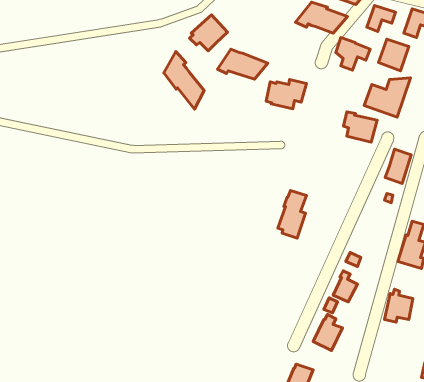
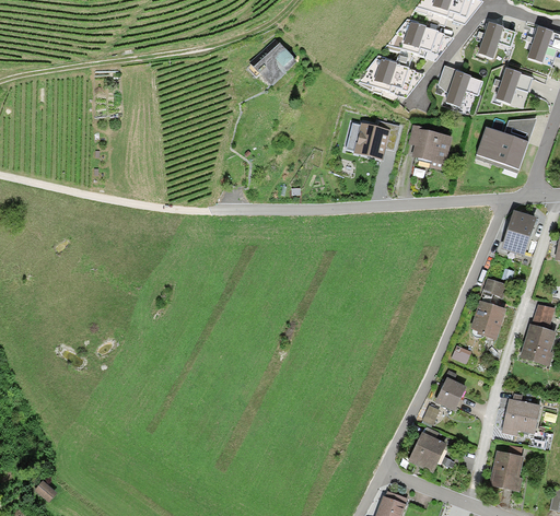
building: [217,49,268,79] -> [358,56,423,95]
building: [164,52,204,109] -> none
building: [344,112,377,142] -> [408,124,452,163]
building: [278,190,306,238] -> [470,278,508,340]
building: none -> [489,449,524,490]

